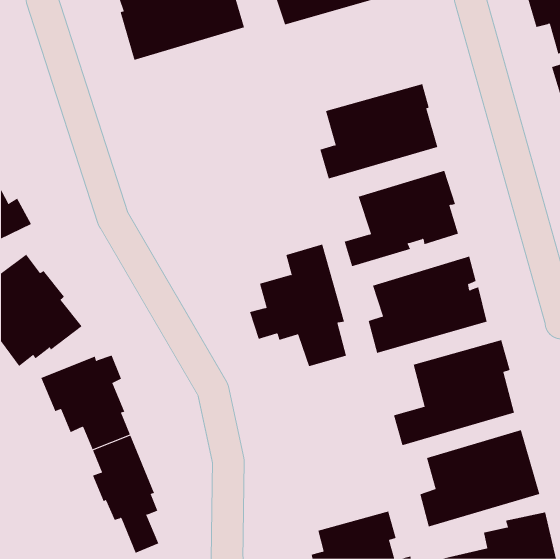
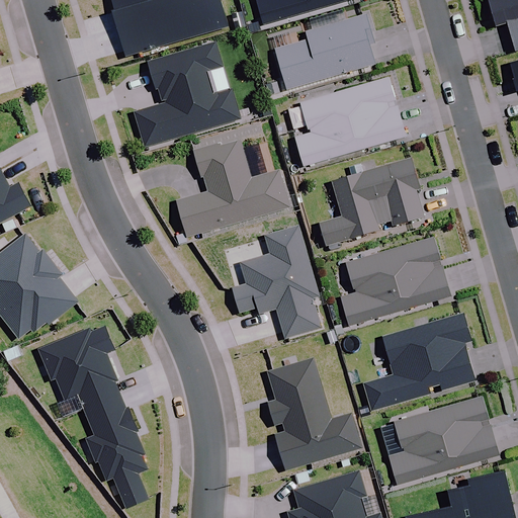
building: none -> [275,13,374,89]
building: none -> [135,41,240,146]
building: none -> [175,139,289,237]
building: none -> [267,357,361,471]

